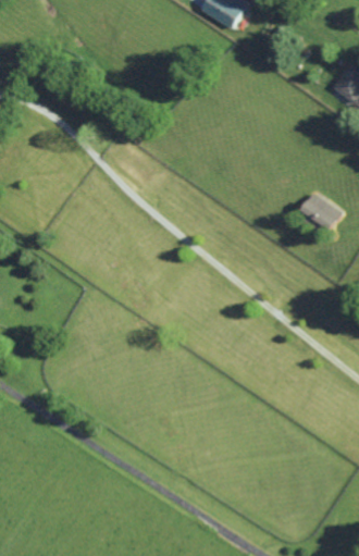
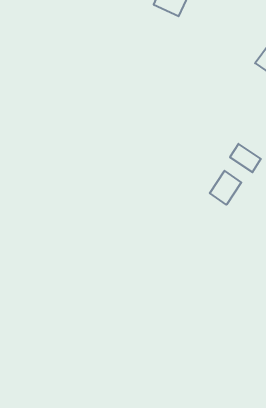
building: none -> [210,171,241,205]

